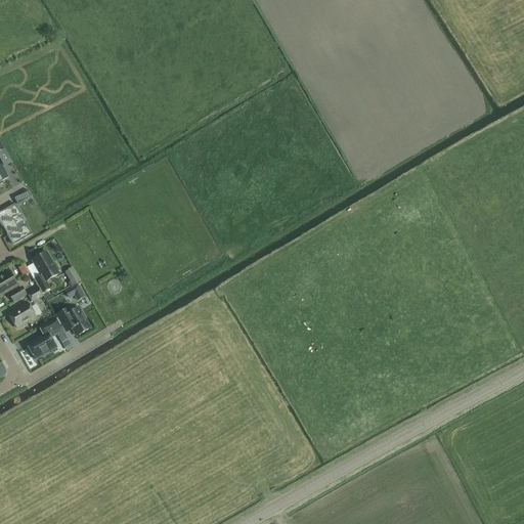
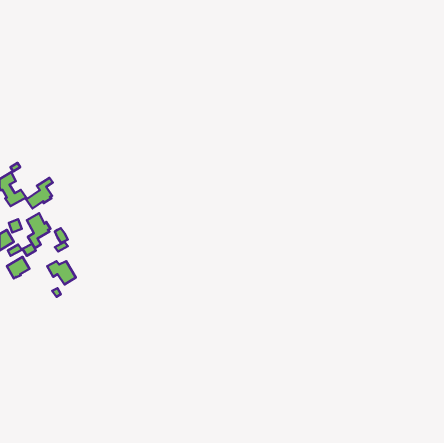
building: none -> [26,178,53,209]
building: [26,316,63,358] -> none

